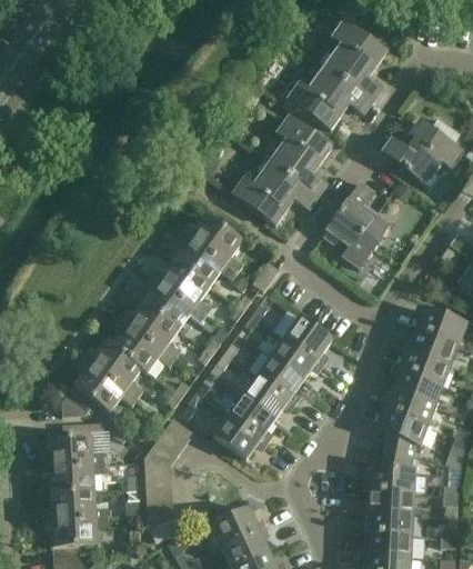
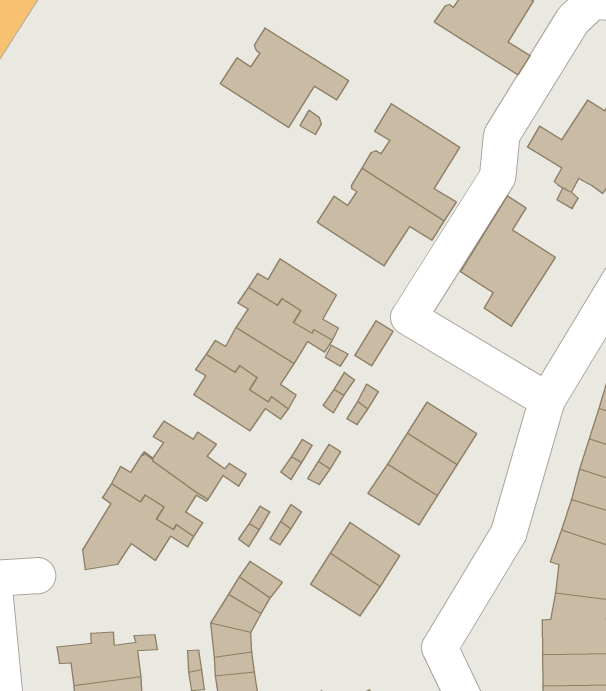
building: [286,61,373,129] -> [220,28,349,127]
building: [121,302,180,358] -> none
building: [242,376,289,419] -> none
building: [40,421,107,468] -> none

